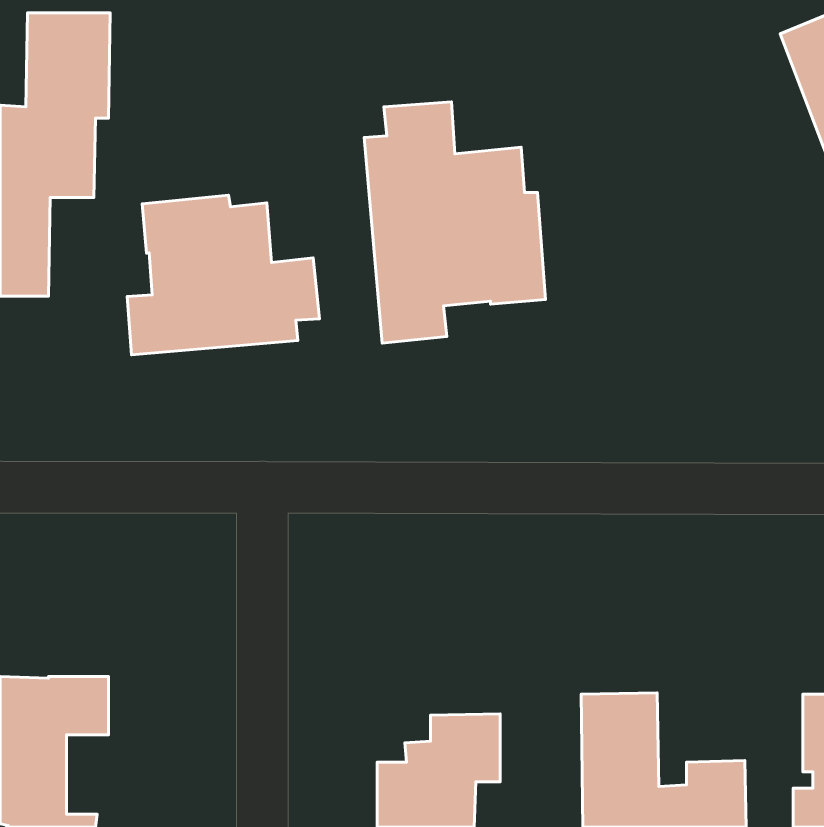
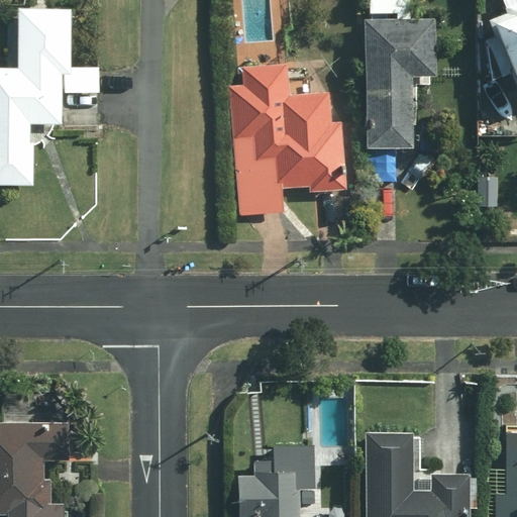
building: none -> [363,19,436,146]
building: [127,195,319,355] -> none

